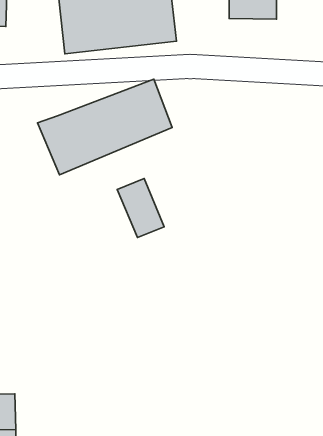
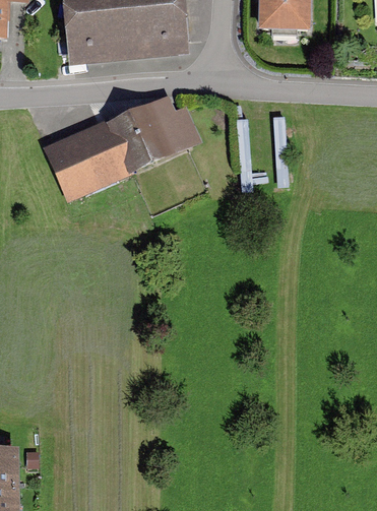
building: [117,179,164,238] -> none

